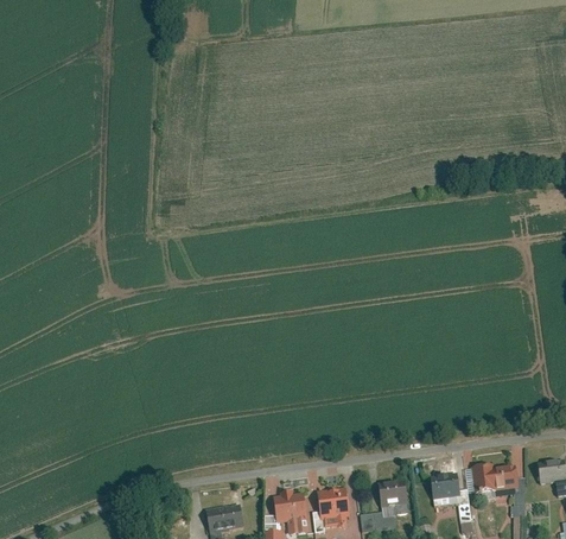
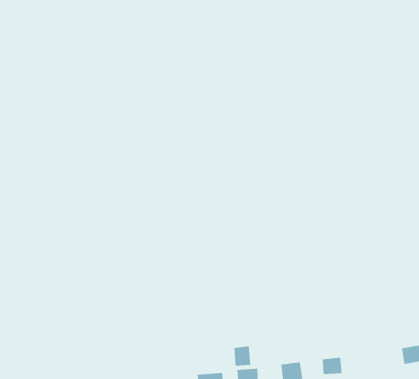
building: none -> [234,346,251,367]
building: [470,465,514,493] -> none

